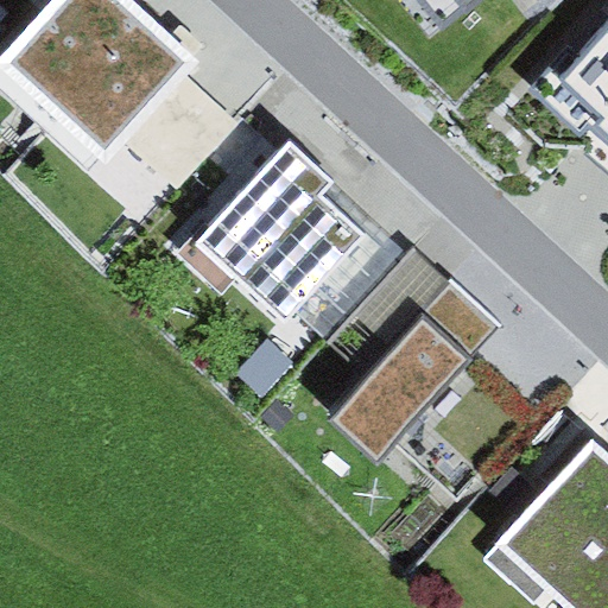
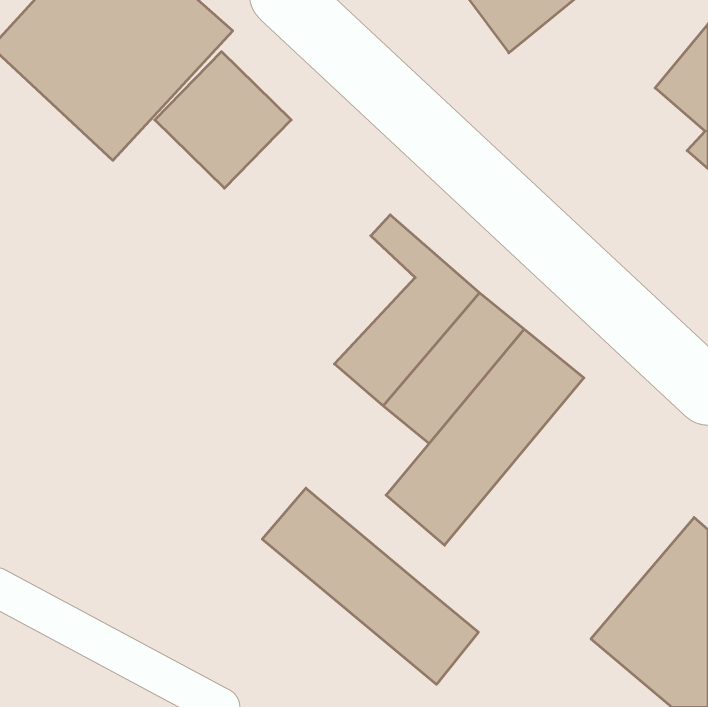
building: [198,142,354,318] -> none
building: none -> [262,488,478,684]

